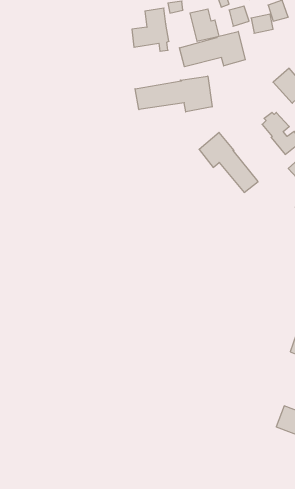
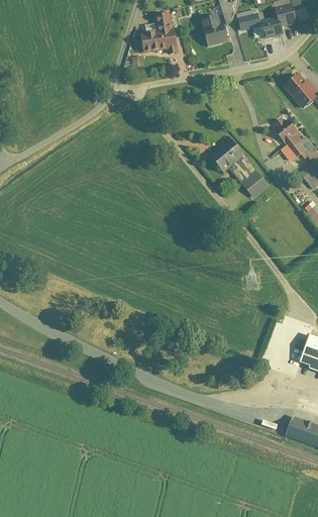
building: [179,31,245,67] -> none
building: [135,76,212,112] -> none

